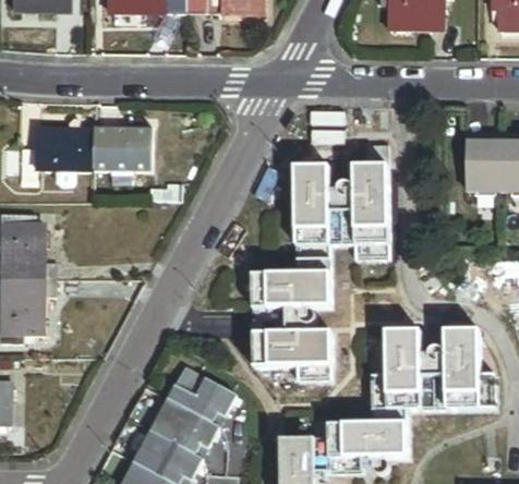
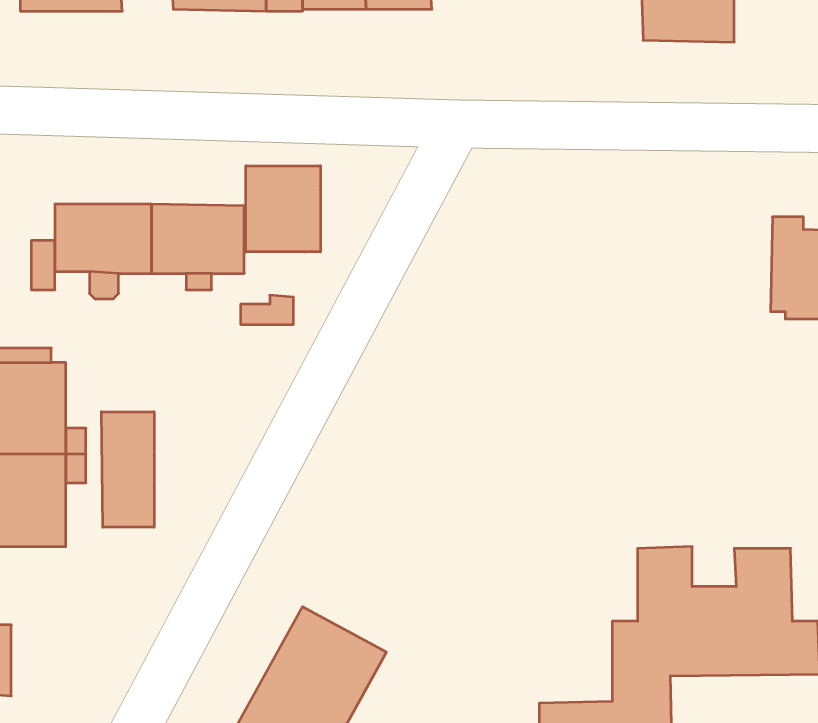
building: none -> [246,166,320,252]
building: [252,144,388,382] -> none
building: none -> [101,412,154,527]

